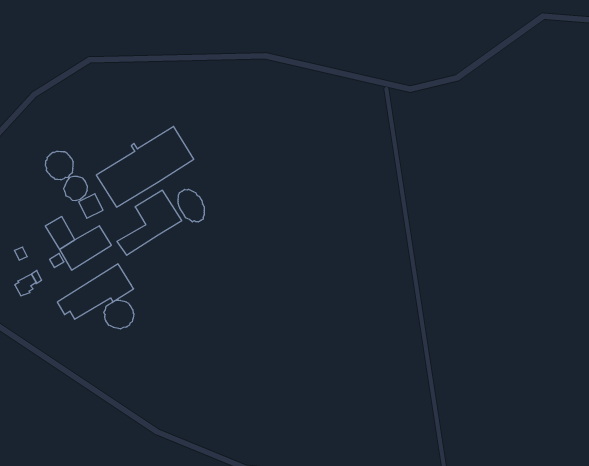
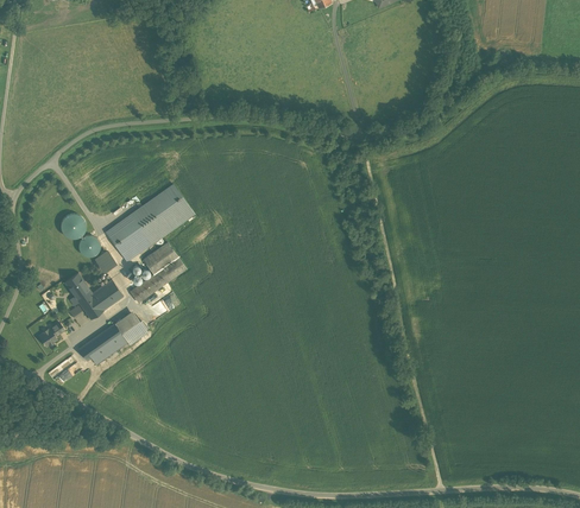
building: [178,189,204,222] -> none
building: [104,300,134,329] -> none

